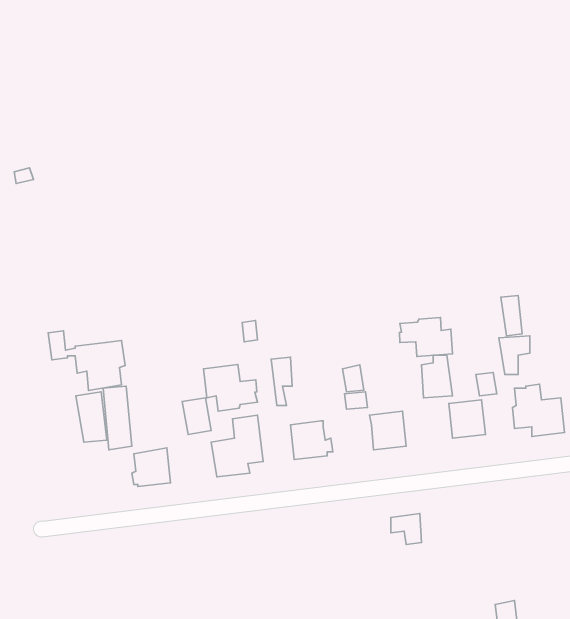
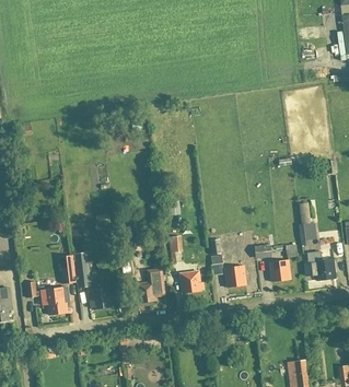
building: [400,317,452,356] -> none
building: [48,331,125,391] -> [25,281,69,315]
building: [203,364,257,411] -> none

